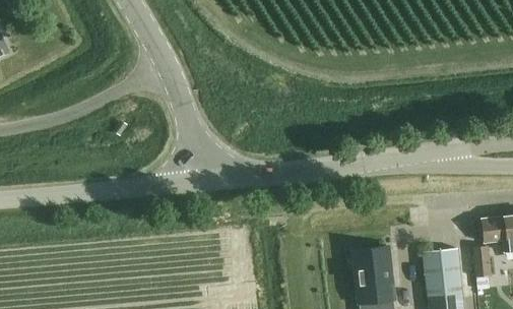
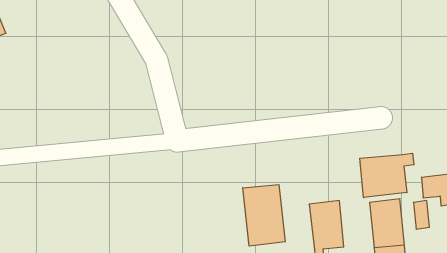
building: none -> [360,153,414,198]
building: none -> [243,185,285,246]

